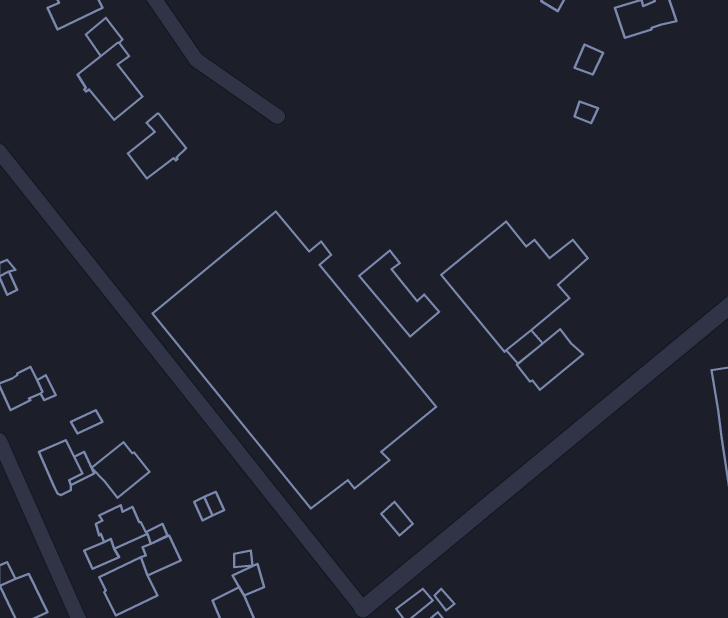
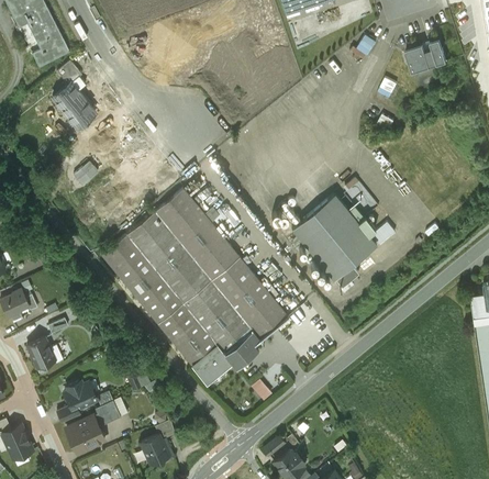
building: [128,114,186,178] -> none
building: [359,250,439,337] -> none
building: [517,329,583,390] -> none
building: [91,442,149,498] -> none

